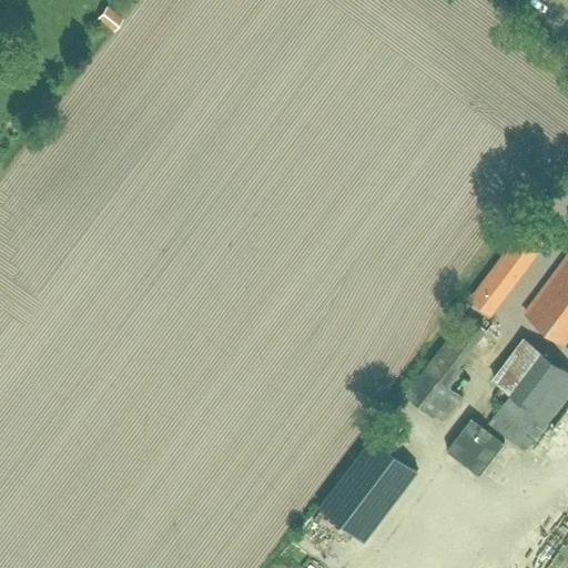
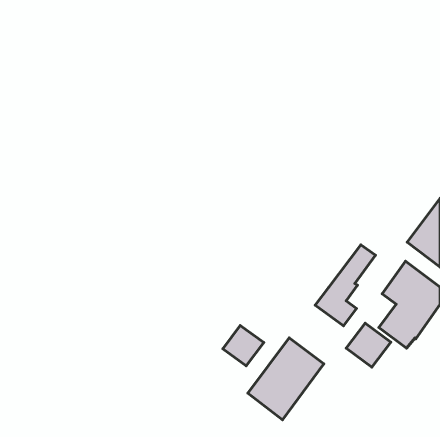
building: [471,226,545,315] -> none
building: none -> [223,326,264,366]

